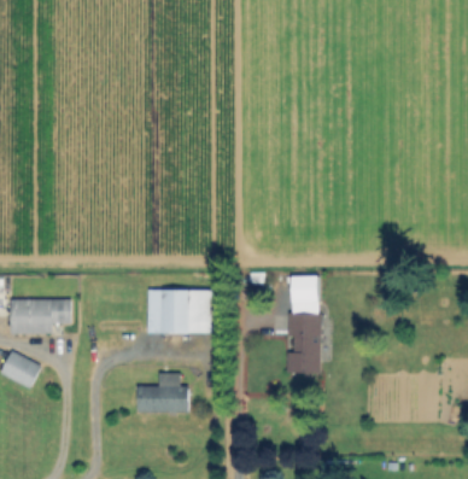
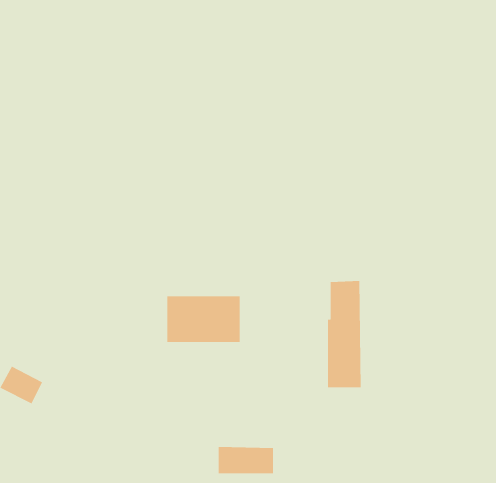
building: [12,300,70,334] -> none
building: [138,386,187,410] -> [218,446,274,474]

